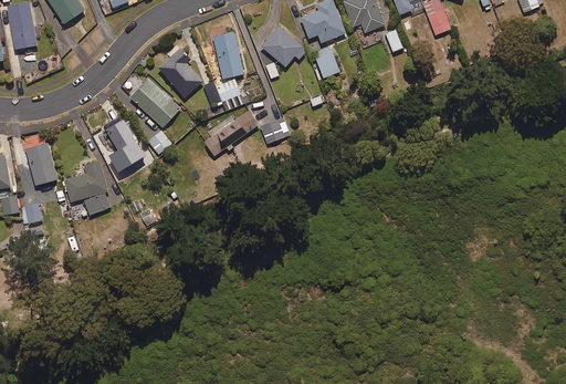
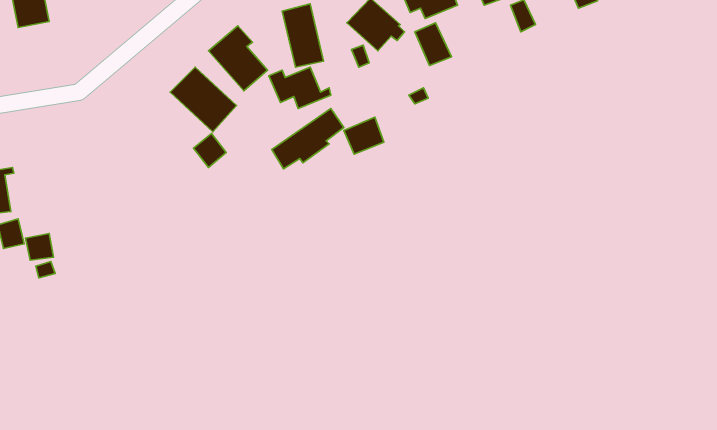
building: [103,115,145,172] -> none
building: [23,142,56,185] -> none
building: [64,160,108,214] -> none

